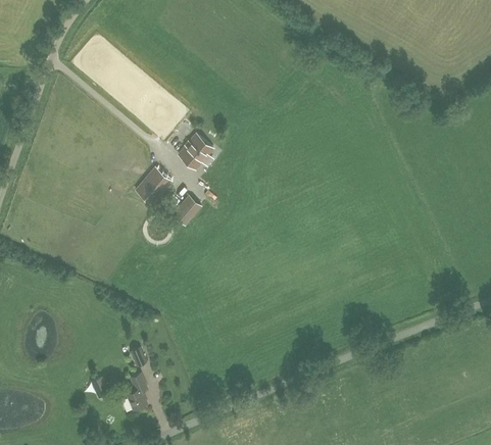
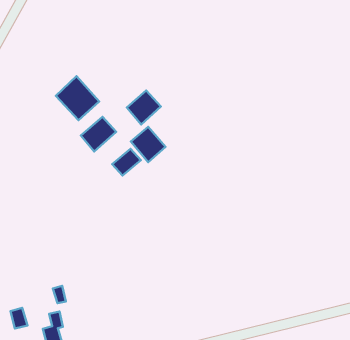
building: none -> [56,76,99,120]
building: none -> [131,127,165,162]

